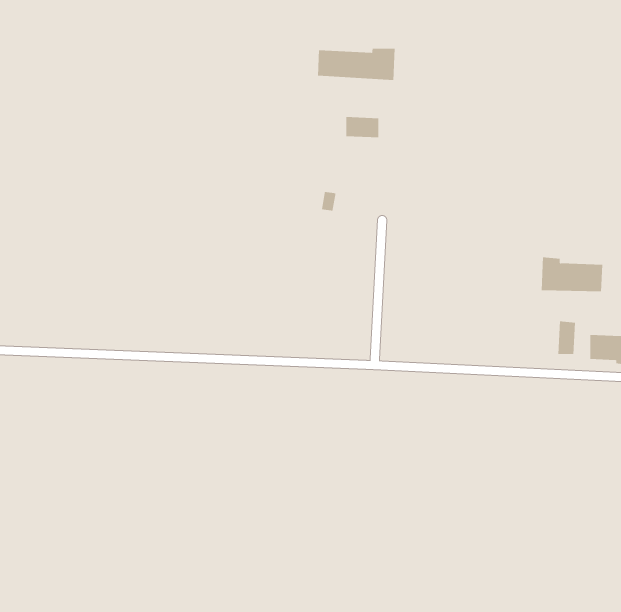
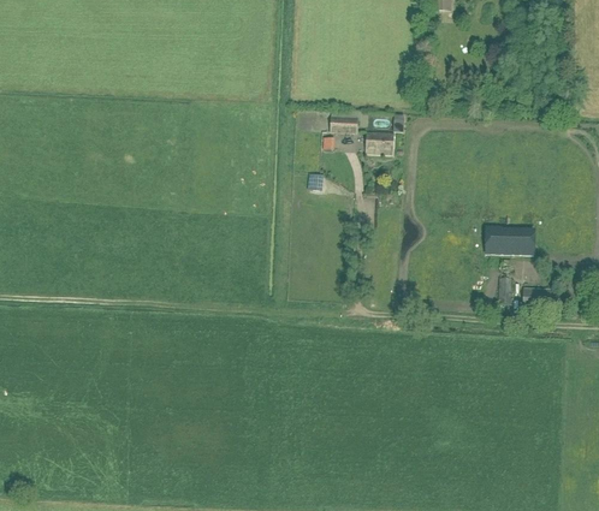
building: [318,48,395,81] -> none
building: none -> [364,130,392,151]

